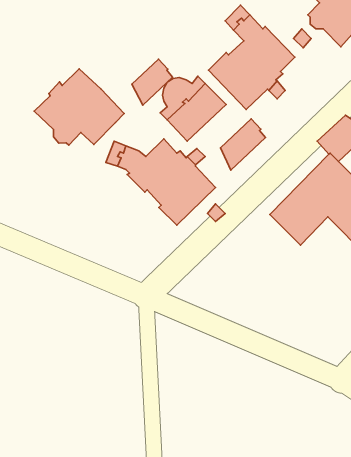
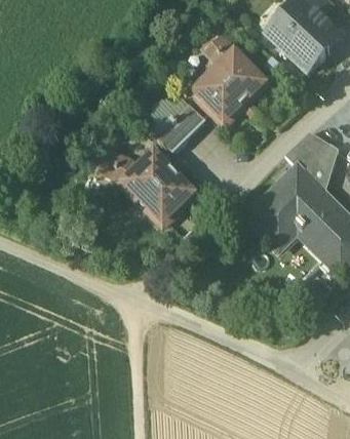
building: [132,59,173,105] -> none
building: [34,69,124,145] -> none
building: [220,119,266,170] -> none

